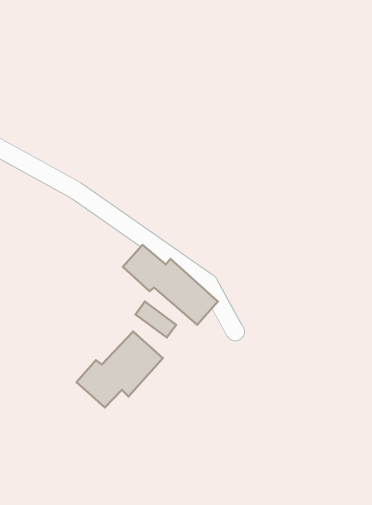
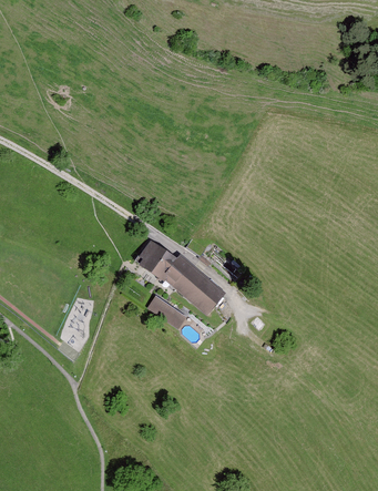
building: [77,332,163,407] -> none

